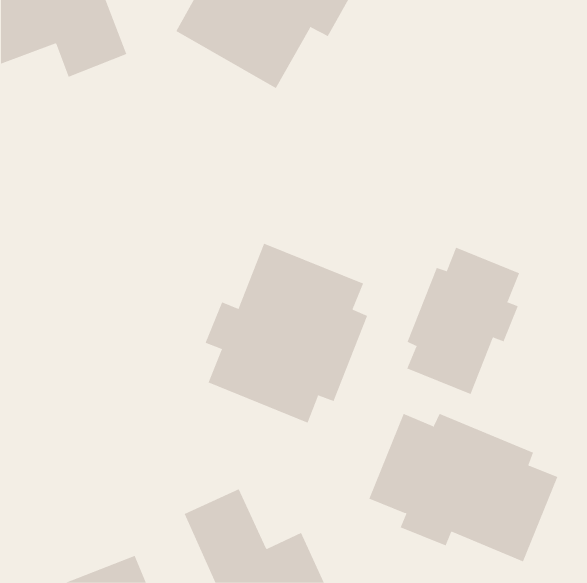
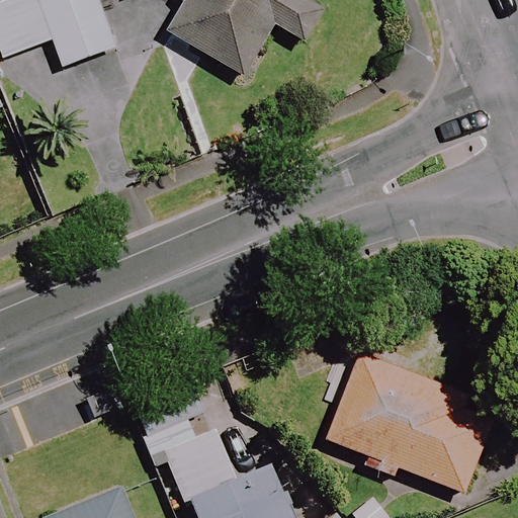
building: [205,243,368,424] -> none
building: [407,247,520,395] -> none

